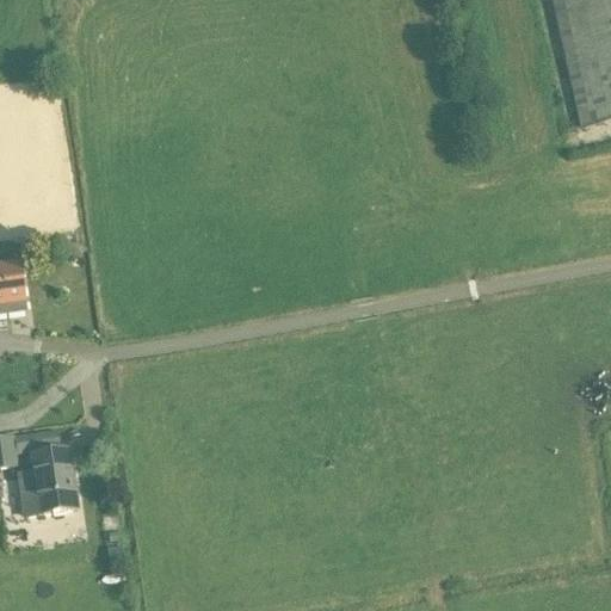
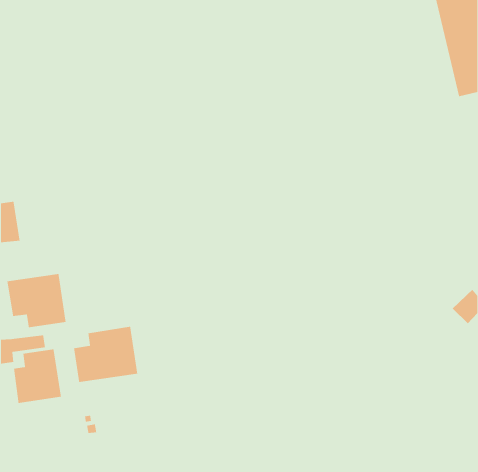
building: none -> [6,273,66,328]
building: none -> [73,326,138,383]

